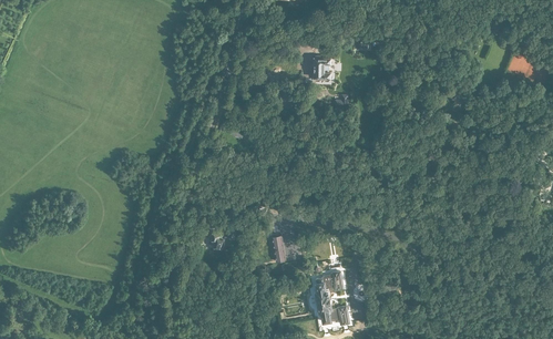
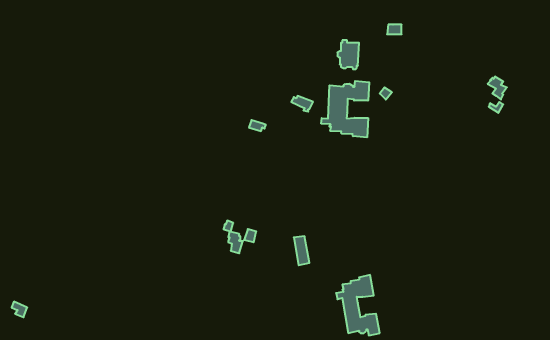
building: none -> [321,81,369,137]

